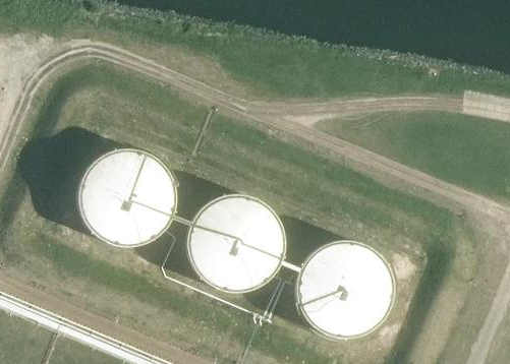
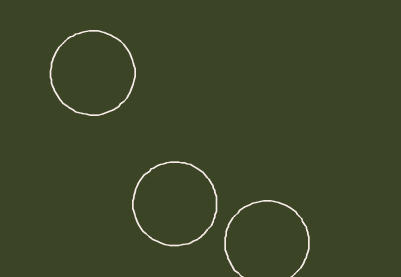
building: [77,148,177,248] -> [51,31,135,115]

